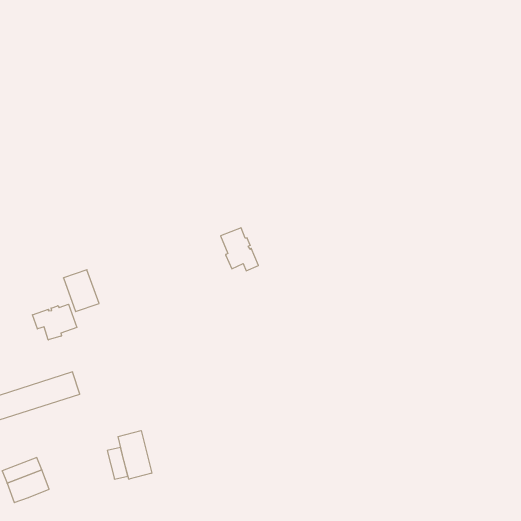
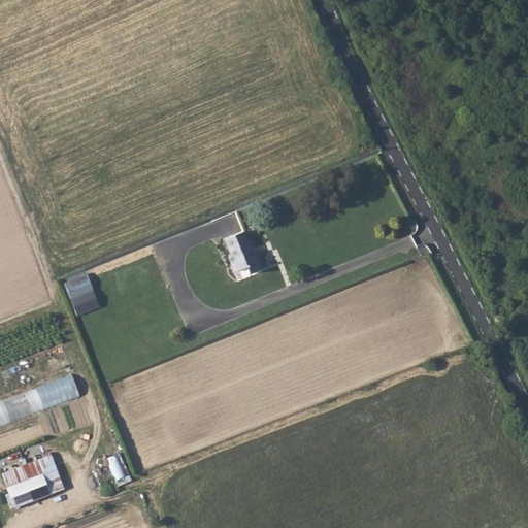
building: [32,304,77,340] -> none
building: [118,431,152,479] -> none
building: none -> [37,456,63,494]

